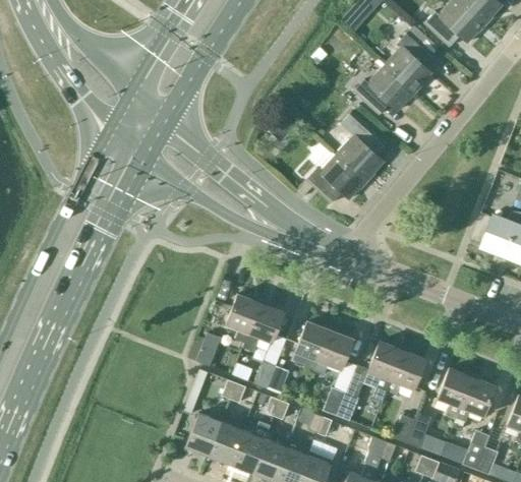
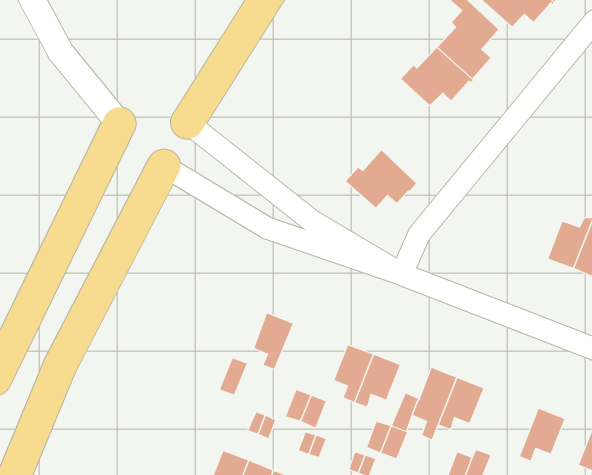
building: [337,111,387,182] -> none
building: [243,303,283,351] -> none
building: [438,368,472,418] -> none

